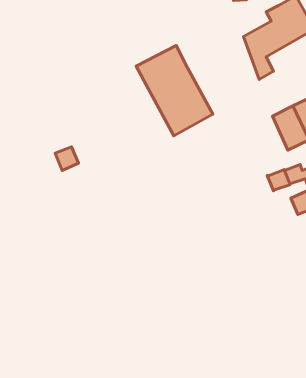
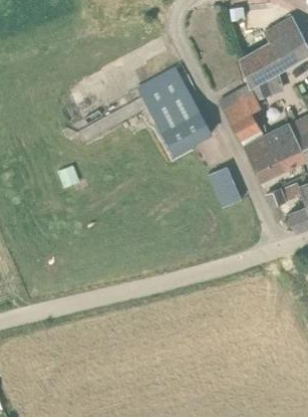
building: none -> [221,57,260,139]
building: none -> [245,136,285,181]
building: none -> [210,166,242,206]

